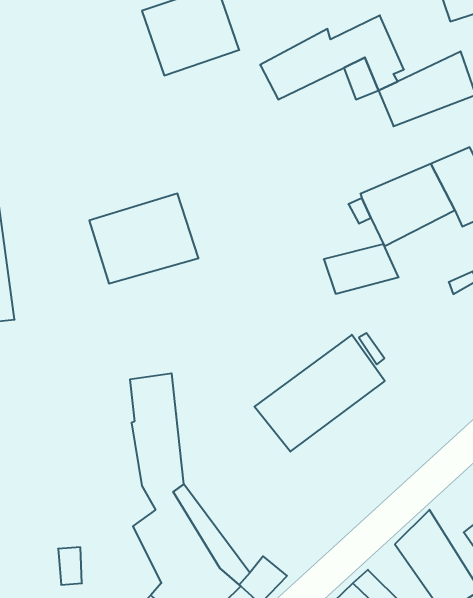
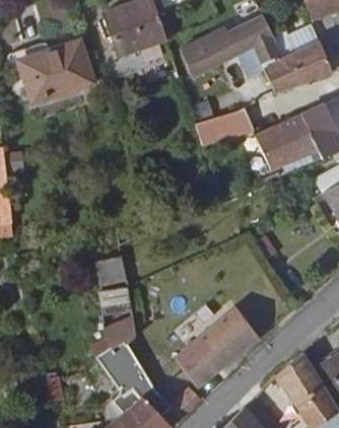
building: [89,194,199,283] -> [18,43,92,103]
building: [324,244,399,294] -> [197,111,248,144]
building: [254,335,385,452] -> [172,303,260,382]

